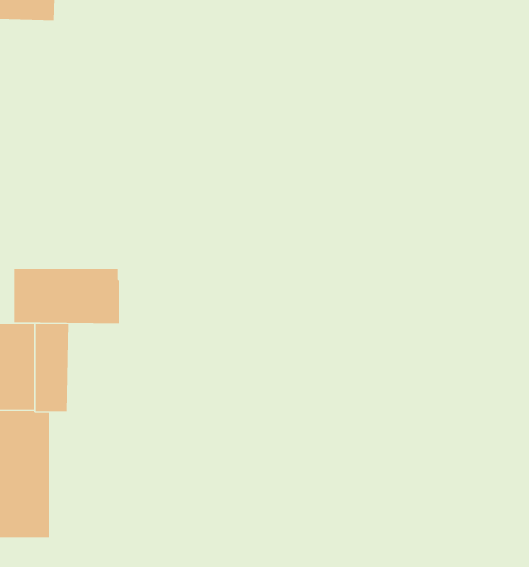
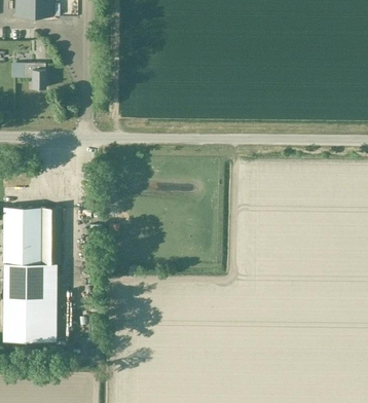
building: none -> [24,64,46,88]
building: [14,268,120,324] -> none

